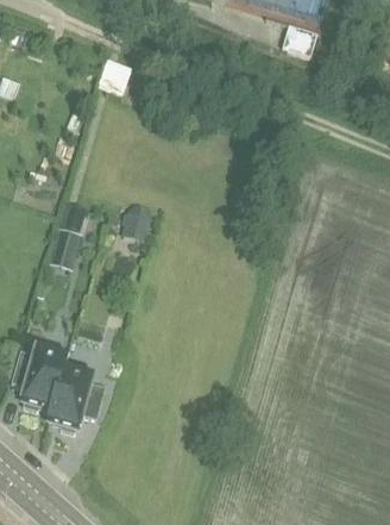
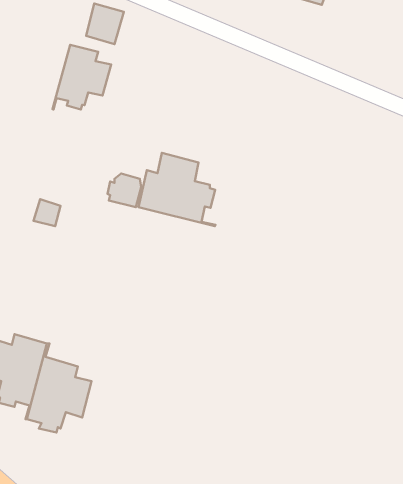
building: none -> [53,45,111,110]
building: none -> [138,153,215,226]

